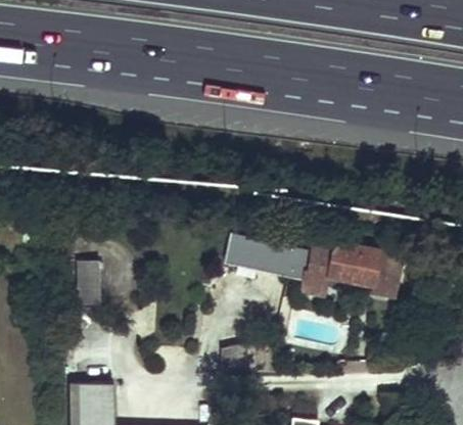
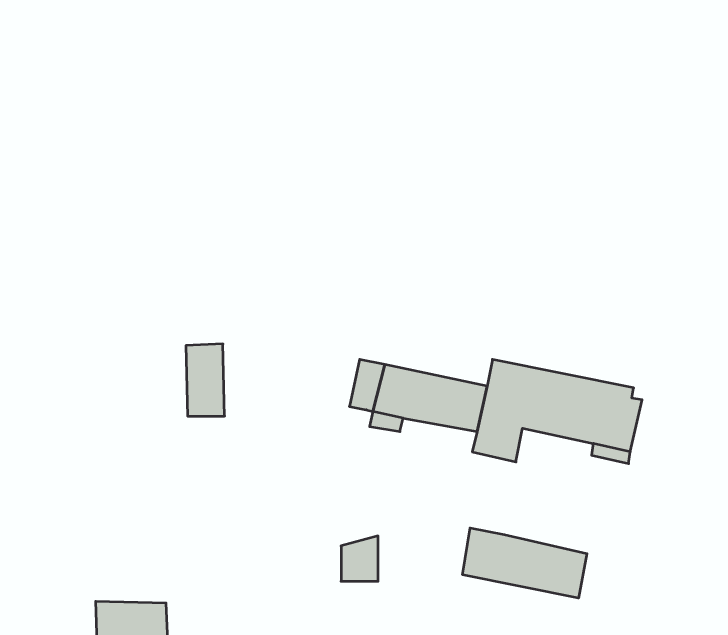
building: [77,261,100,304] -> [186,344,225,416]
building: none -> [463,528,587,598]

